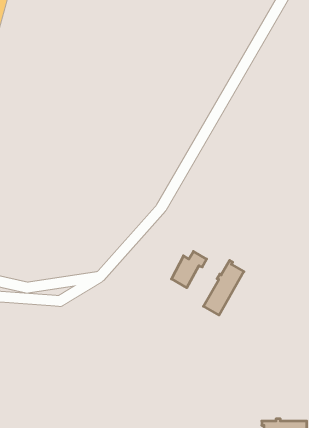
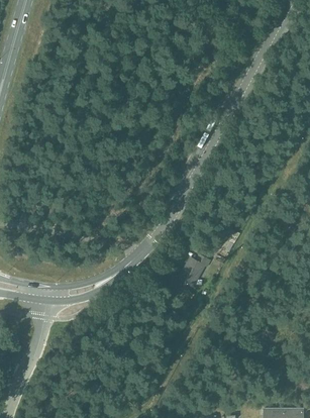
building: [203,260,244,315] -> none

